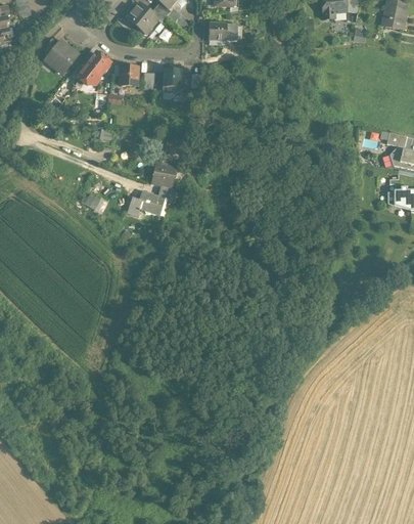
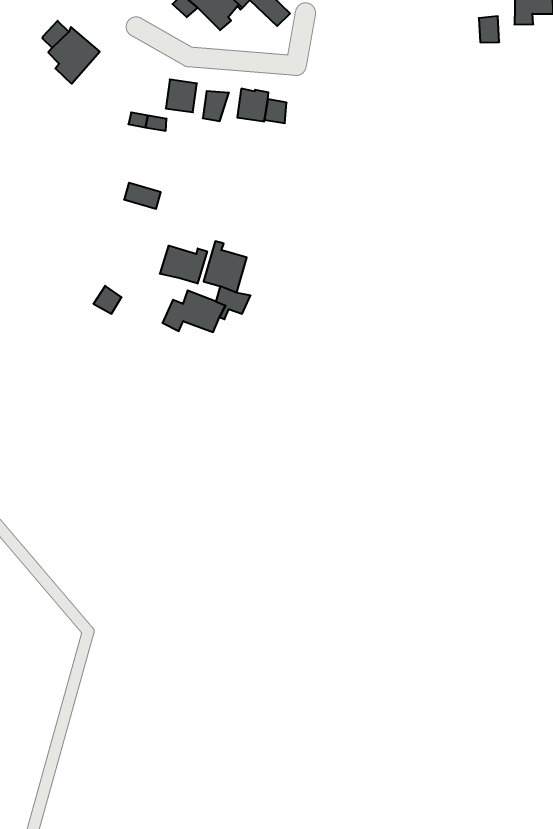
building: [208,21,237,39] -> none
building: [78,51,108,84] -> none
building: none -> [160,246,207,284]

